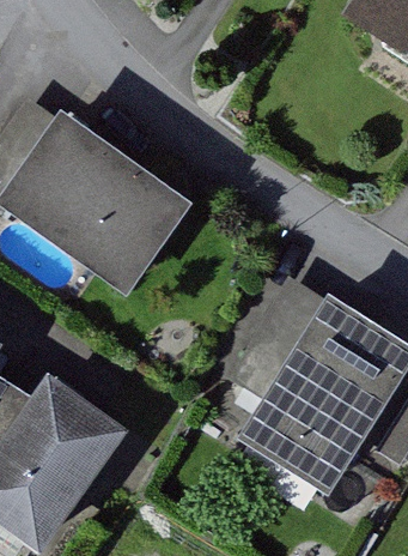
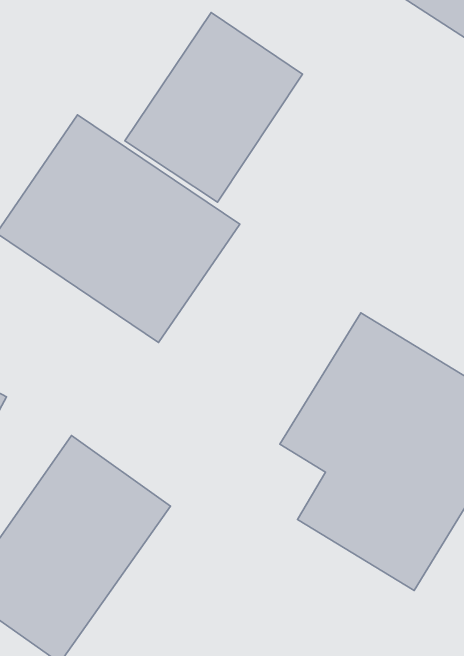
building: none -> [125,13,303,202]

